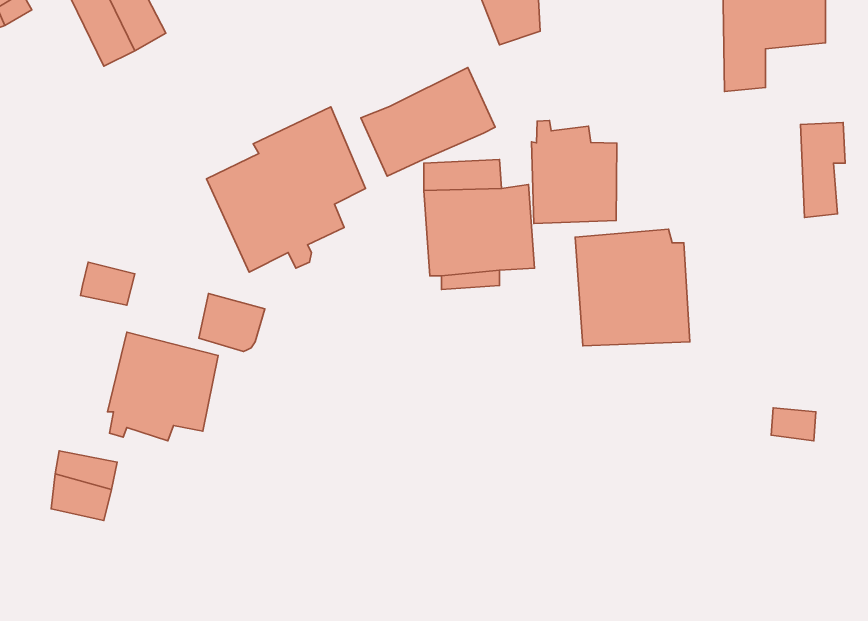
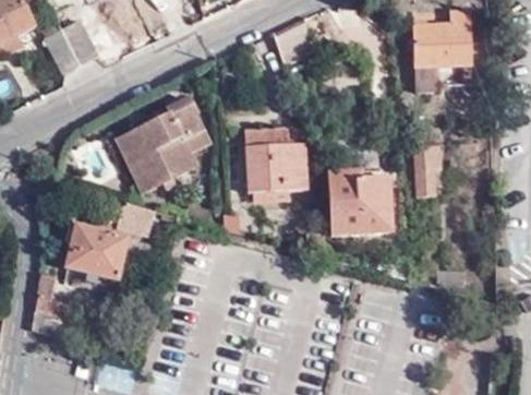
building: [361,68,495,176] -> none
building: [532,120,617,224] -> none
building: [801,122,845,218] -> [415,145,441,199]

